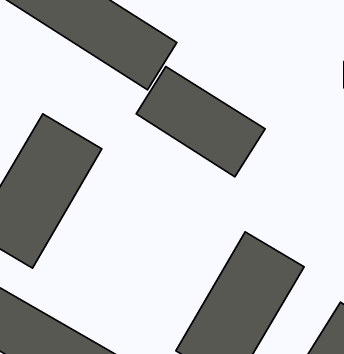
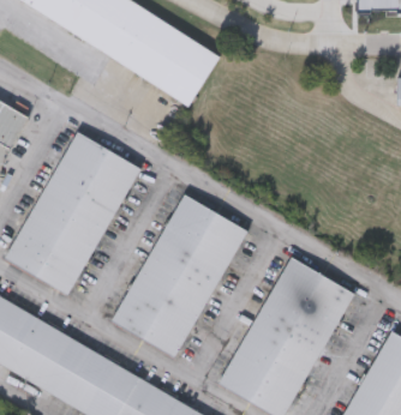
building: [136,66,265,177] -> none
building: none -> [110,194,249,357]

